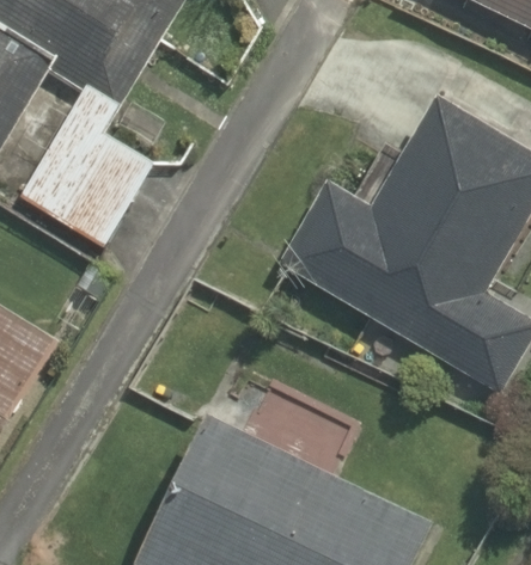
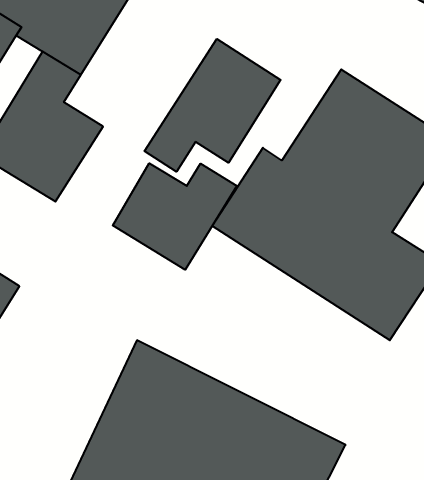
building: none -> [145,39,281,172]
building: none -> [113,163,237,270]

